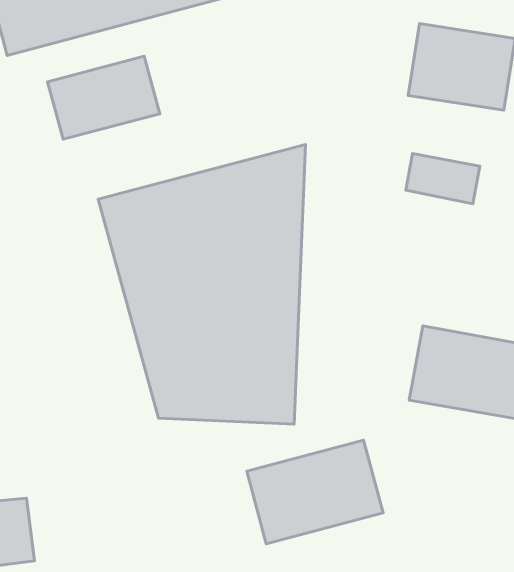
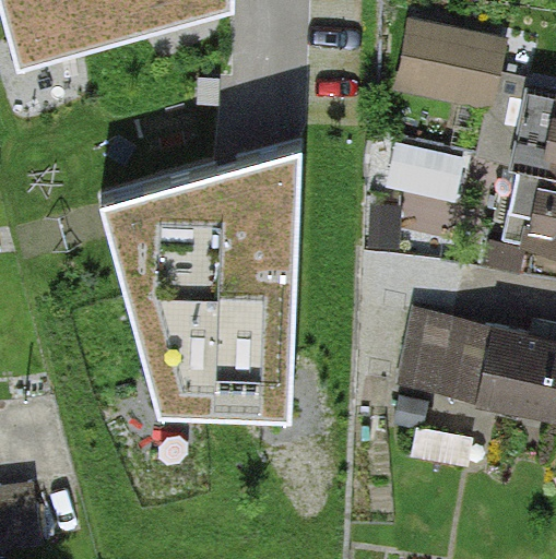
building: [48,56,160,139] -> none
building: [247,440,383,544] -> none

